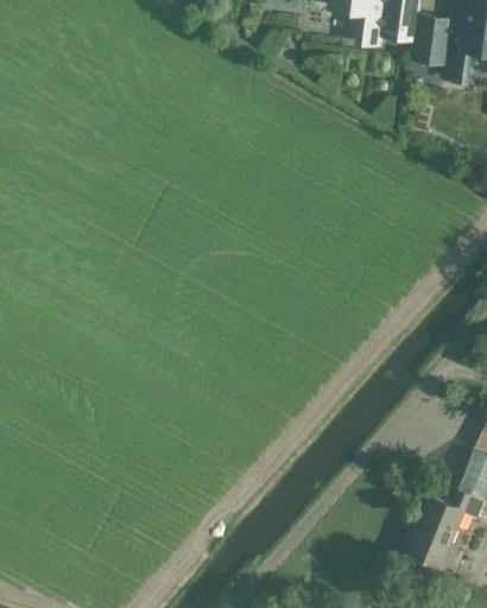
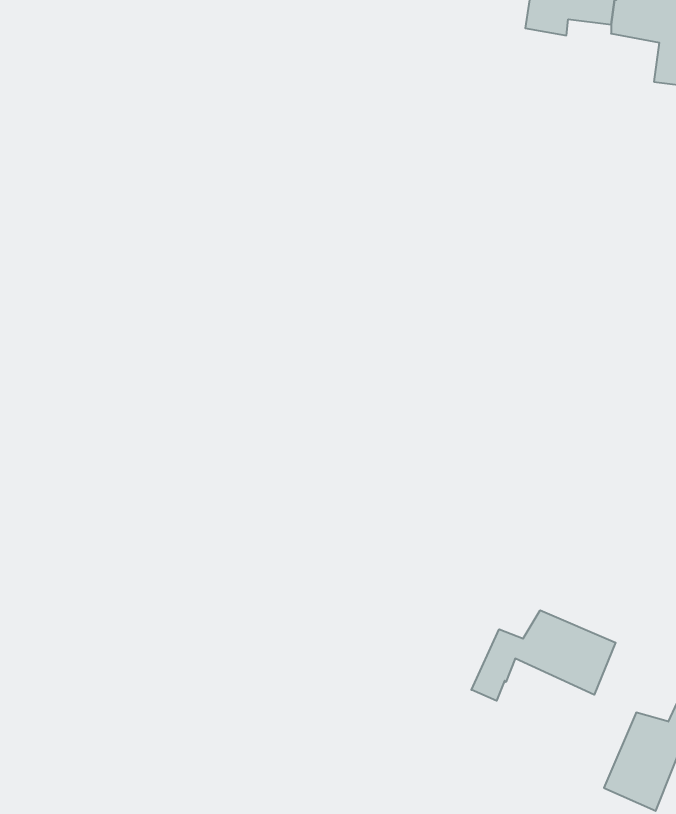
building: none -> [471,610,616,701]

